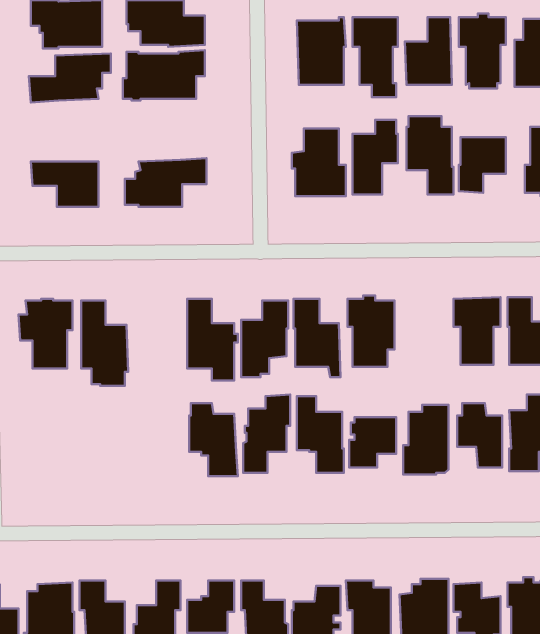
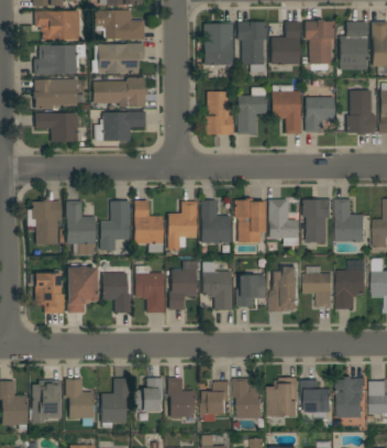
building: none -> [92,76,146,106]
building: none -> [33,78,77,108]
building: none -> [268,198,298,244]
building: none -> [100,199,130,250]
building: none -> [67,263,97,313]
building: none -> [34,267,63,313]
building: none -> [102,272,131,313]

